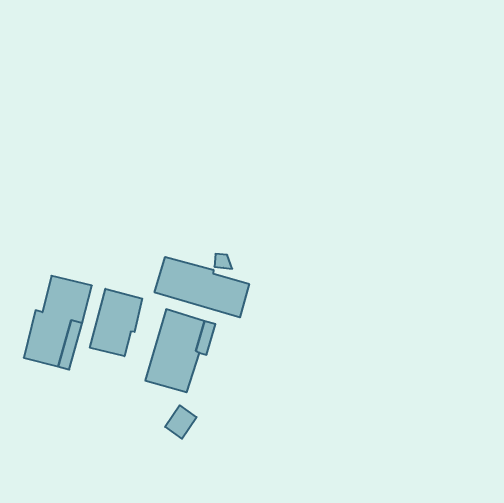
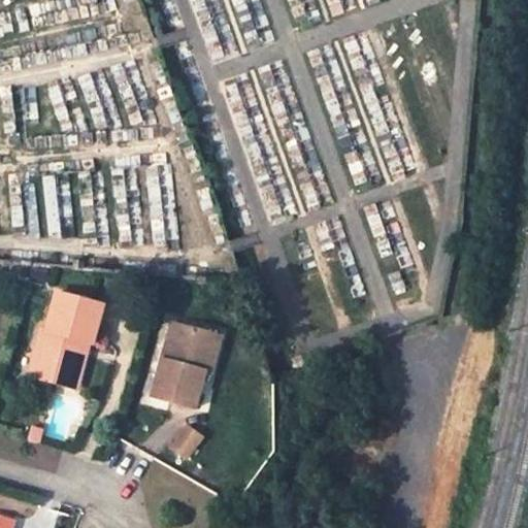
building: [155,257,249,317] -> none
building: [90,289,142,356] -> none

